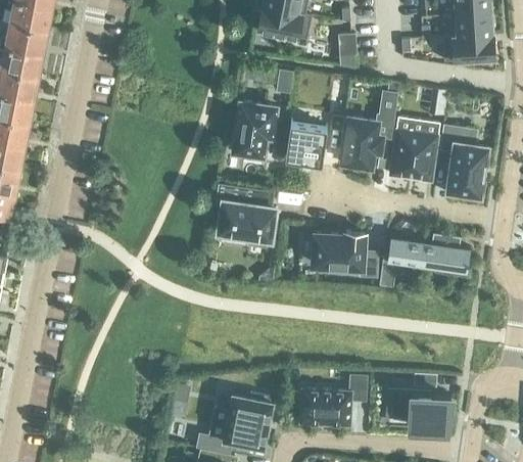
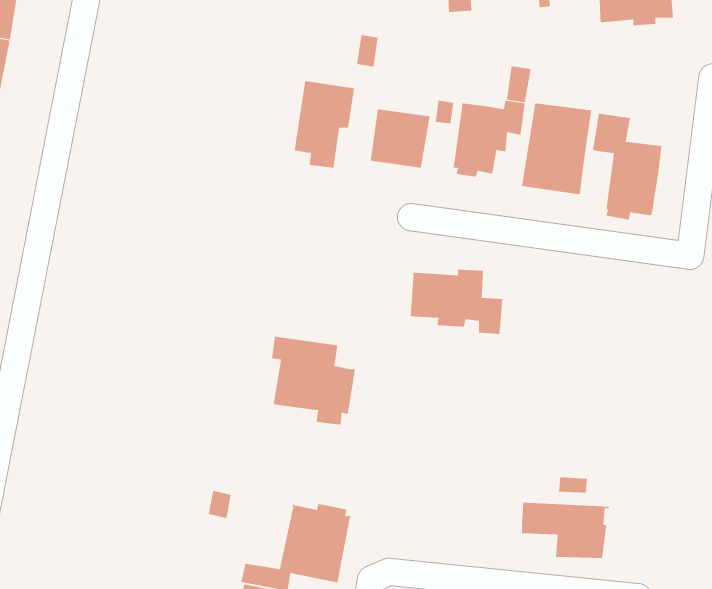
building: [218,186,276,247] -> [271,336,356,425]
building: [387,234,471,274] -> none
building: [300,376,367,426] -> none

